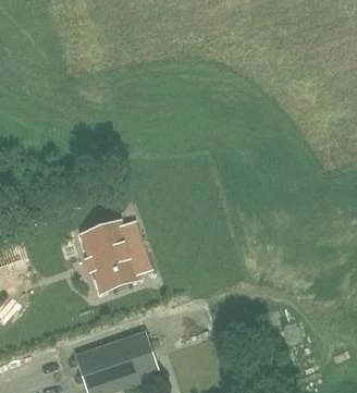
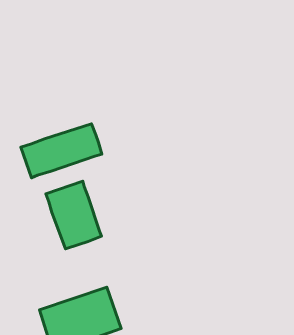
building: none -> [21,124,102,178]

